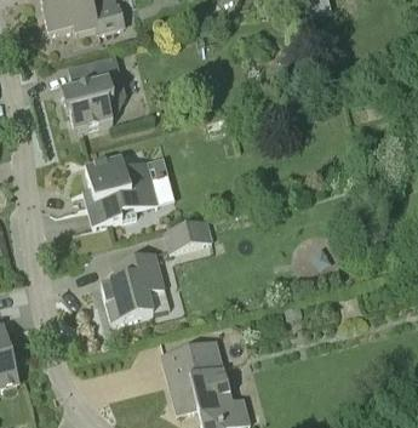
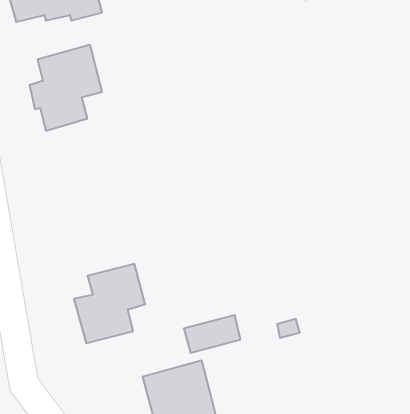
building: [82,156,156,227] -> none
building: [161,216,212,250] -> [184,315,240,353]

